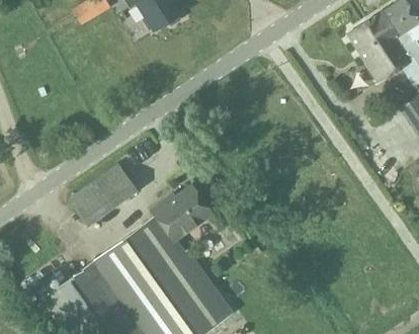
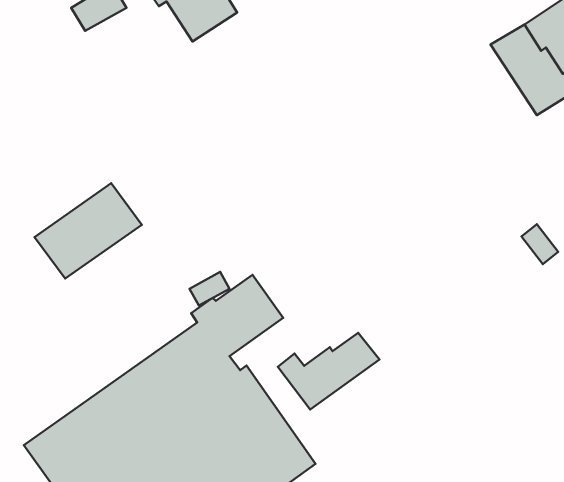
building: [69,164,140,227] -> [34,183,142,278]
building: none -> [278,333,379,409]

